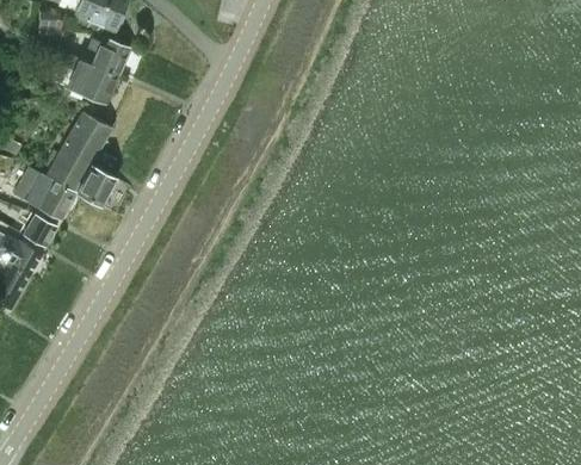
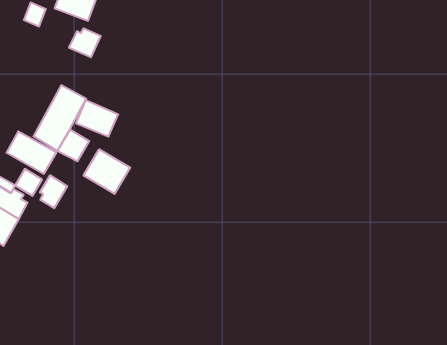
building: [66,58,118,104] -> [76,100,118,137]
building: none -> [84,149,130,194]
building: none -> [40,175,67,208]

